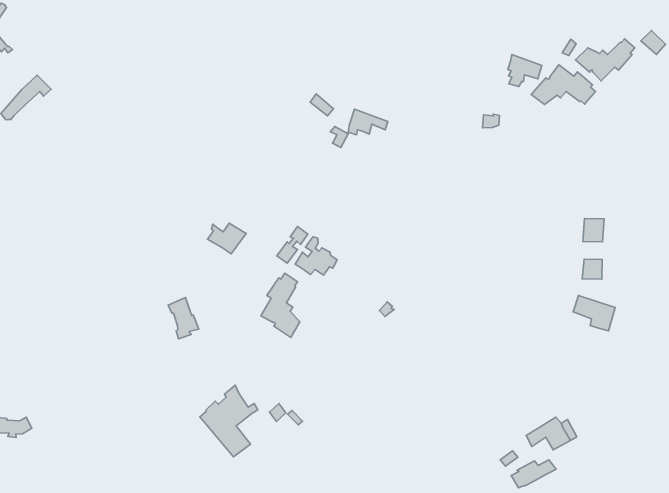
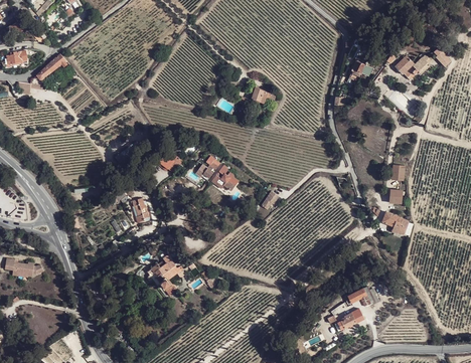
building: [531,65,596,104] -> none
building: [261,273,300,337] -> none

